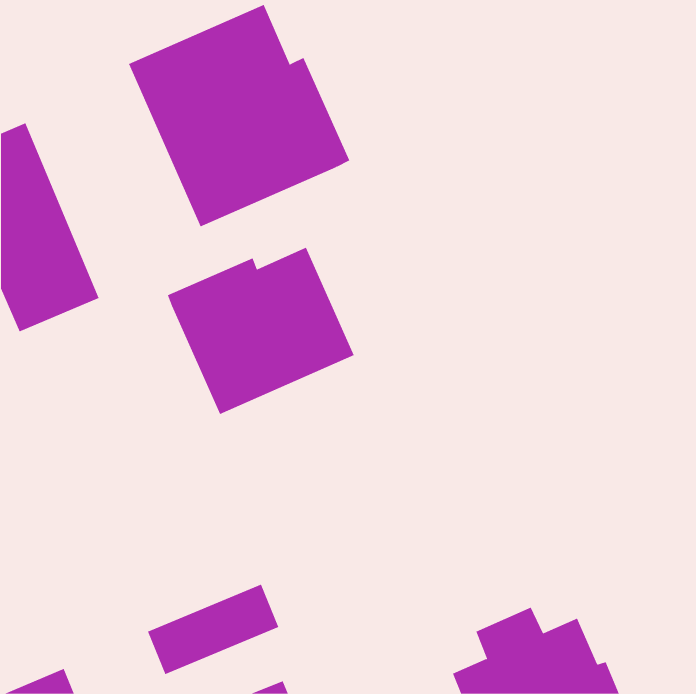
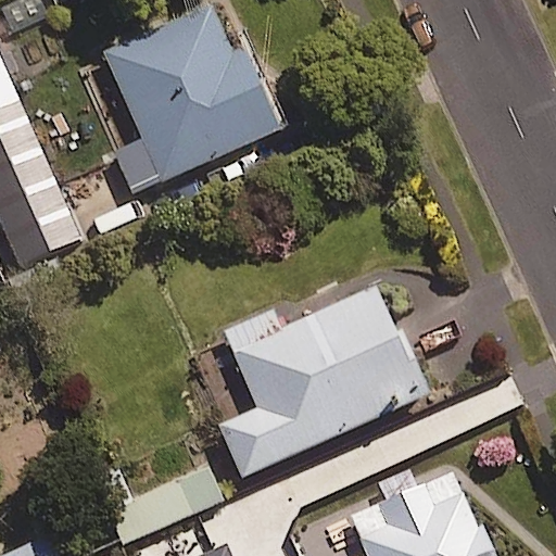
building: [167,247,355,415] -> none
building: none -> [216,289,420,478]

